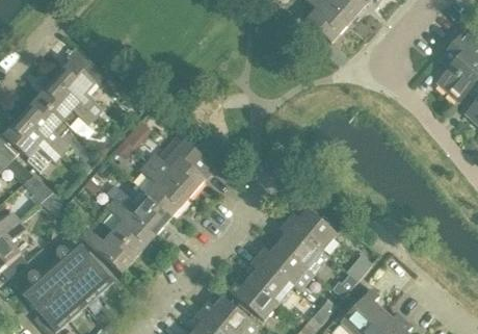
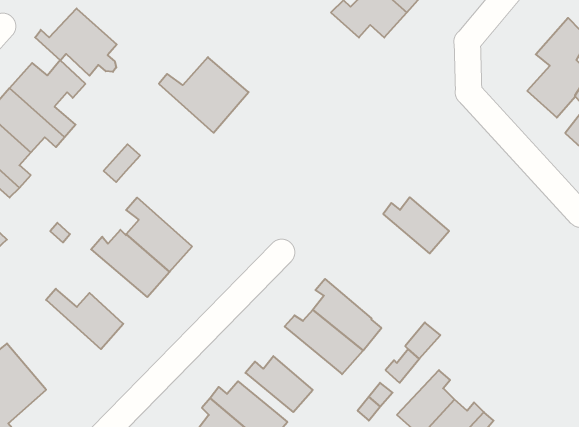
building: none -> [35,8,117,76]
building: [148,140,214,197] -> [159,57,249,133]
building: [102,199,155,254] -> none
building: [287,208,336,250] -> [383,197,449,253]
building: [51,243,109,303] -> none
building: [248,256,292,303] -> none

